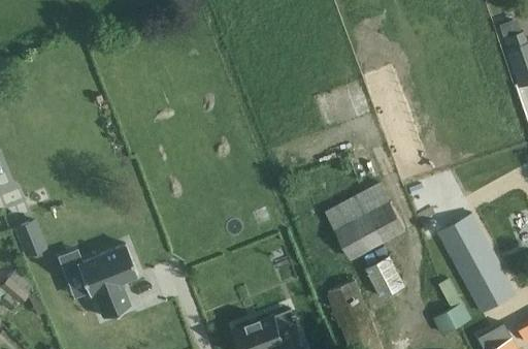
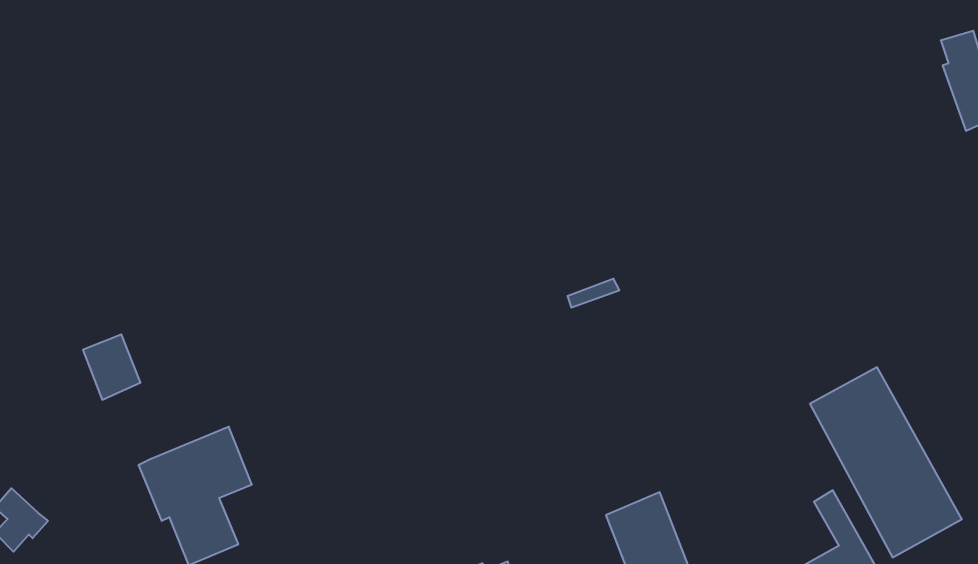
building: [325,181,405,259] -> none
building: [14,221,45,256] -> [83,334,141,400]
building: [365,255,405,297] -> none

